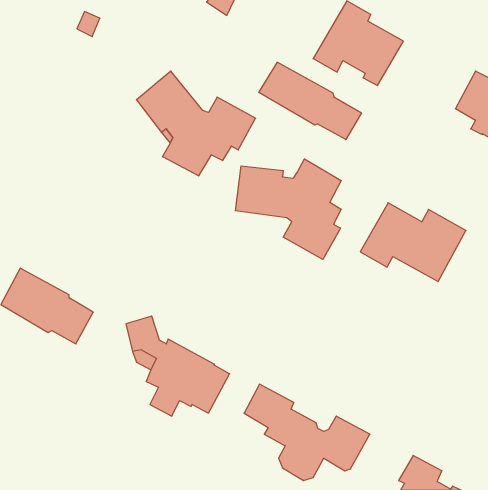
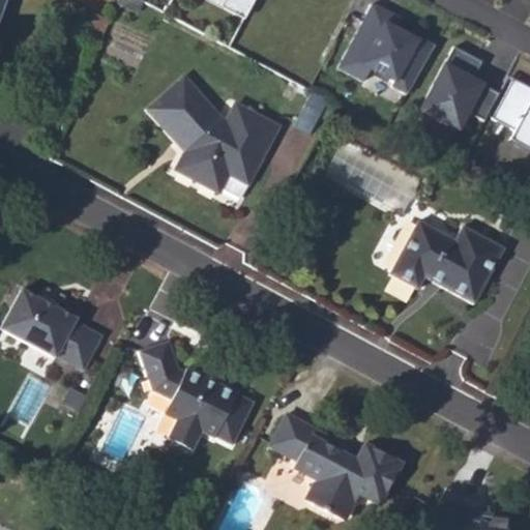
building: none -> [422,45,501,127]
building: [259,62,361,140] -> none
building: [235,159,341,259] -> none

